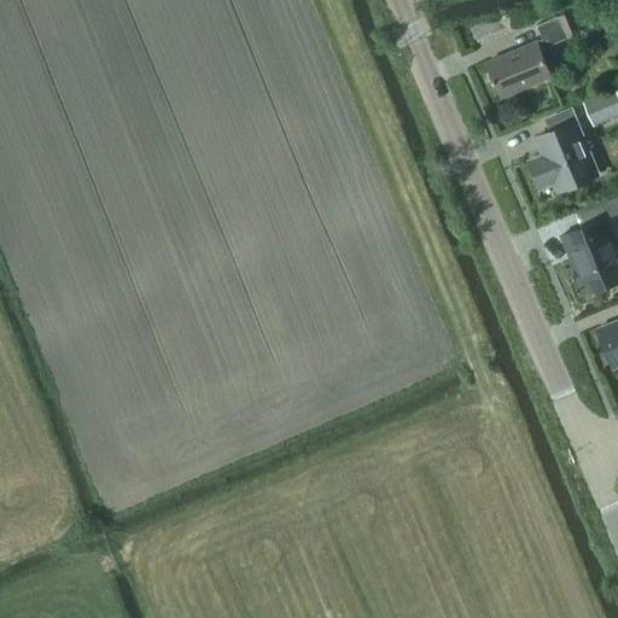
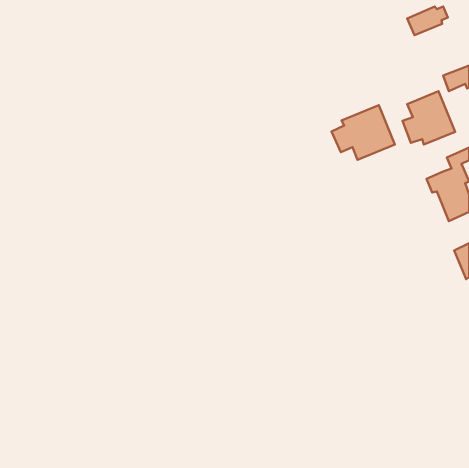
building: [484,43,550,99] -> none
building: none -> [331,105,395,160]

